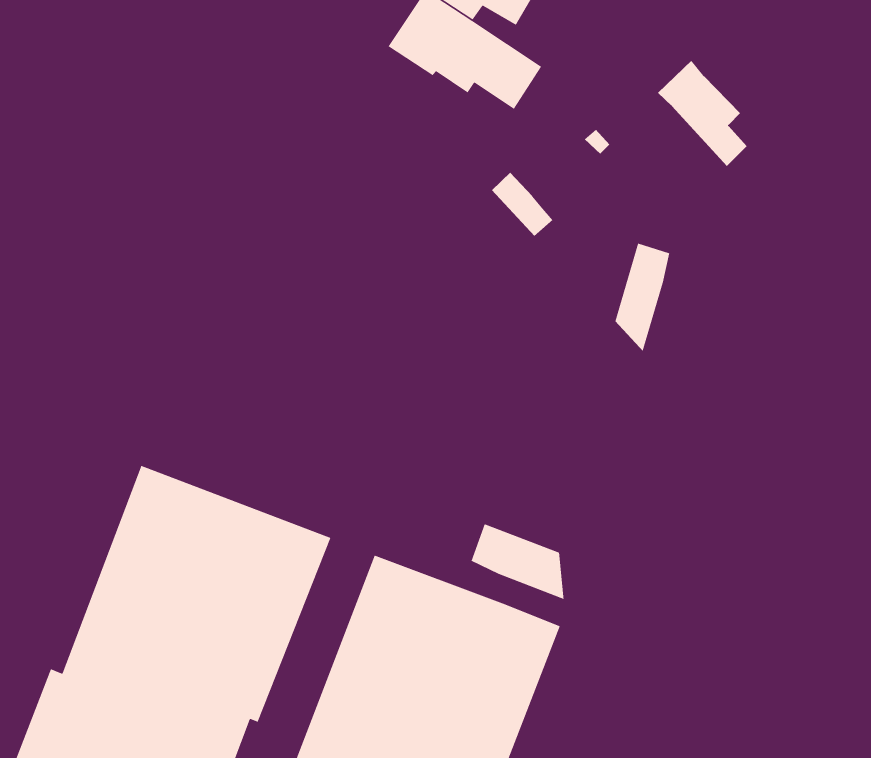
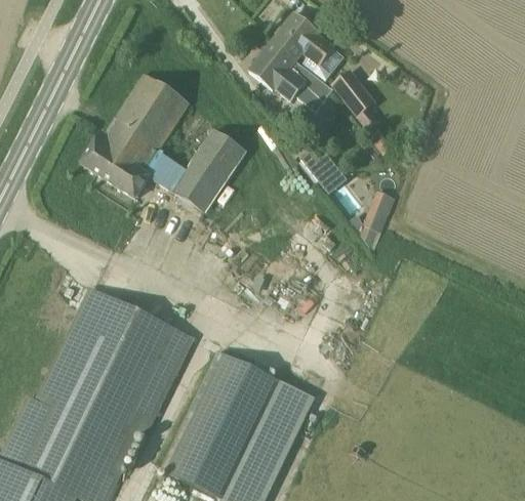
building: [657,60,747,167] -> [331,69,378,129]
building: none -> [80,72,247,212]
building: [470,523,564,600] -> none

